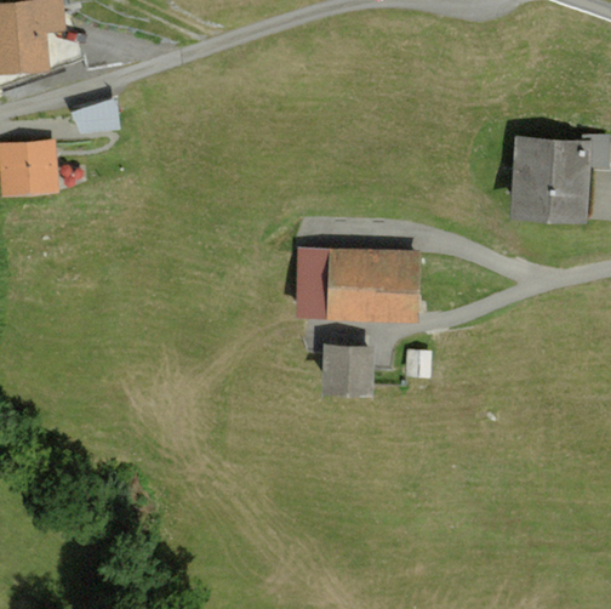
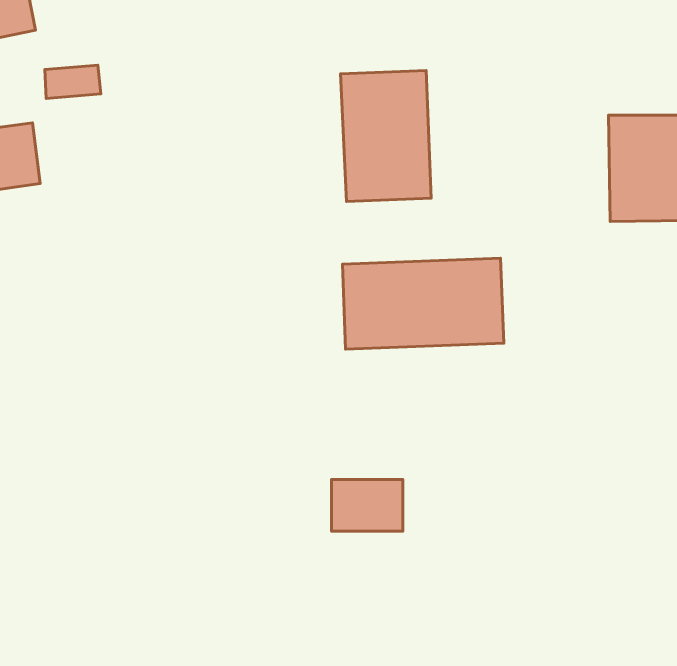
building: none -> [340,70,431,201]
building: [325,348,382,389] -> [331,479,403,531]

